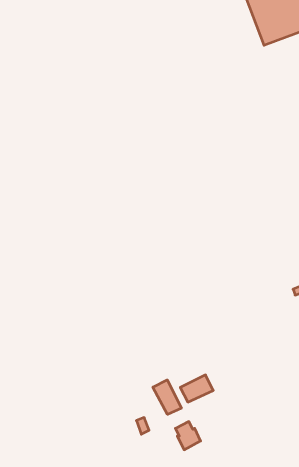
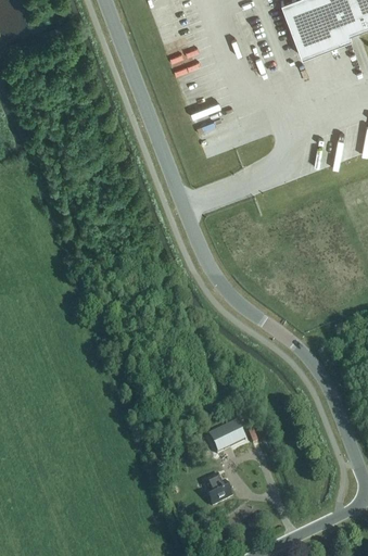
building: [153,380,181,414] -> none

